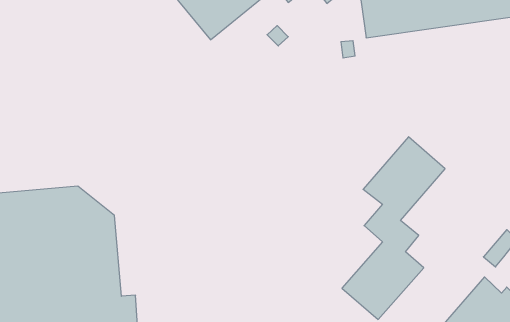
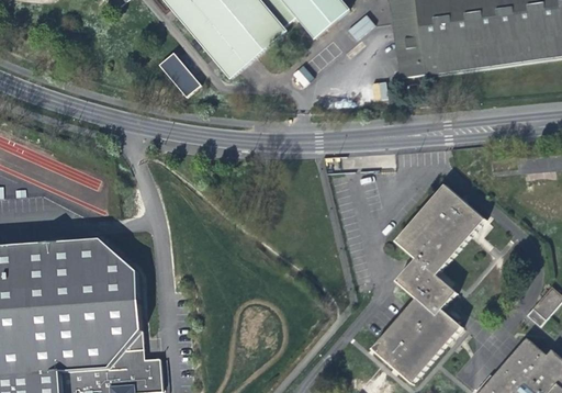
building: none -> [158,52,201,97]

